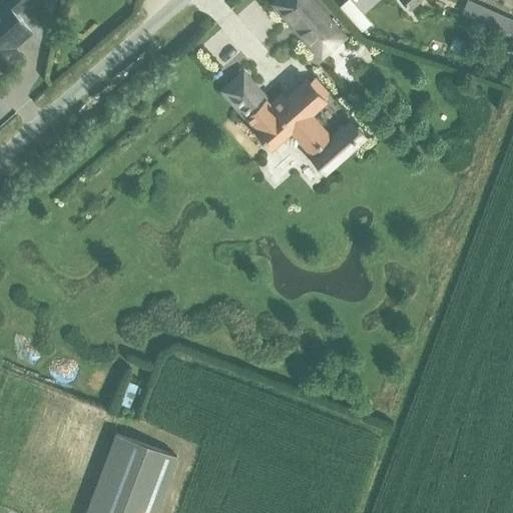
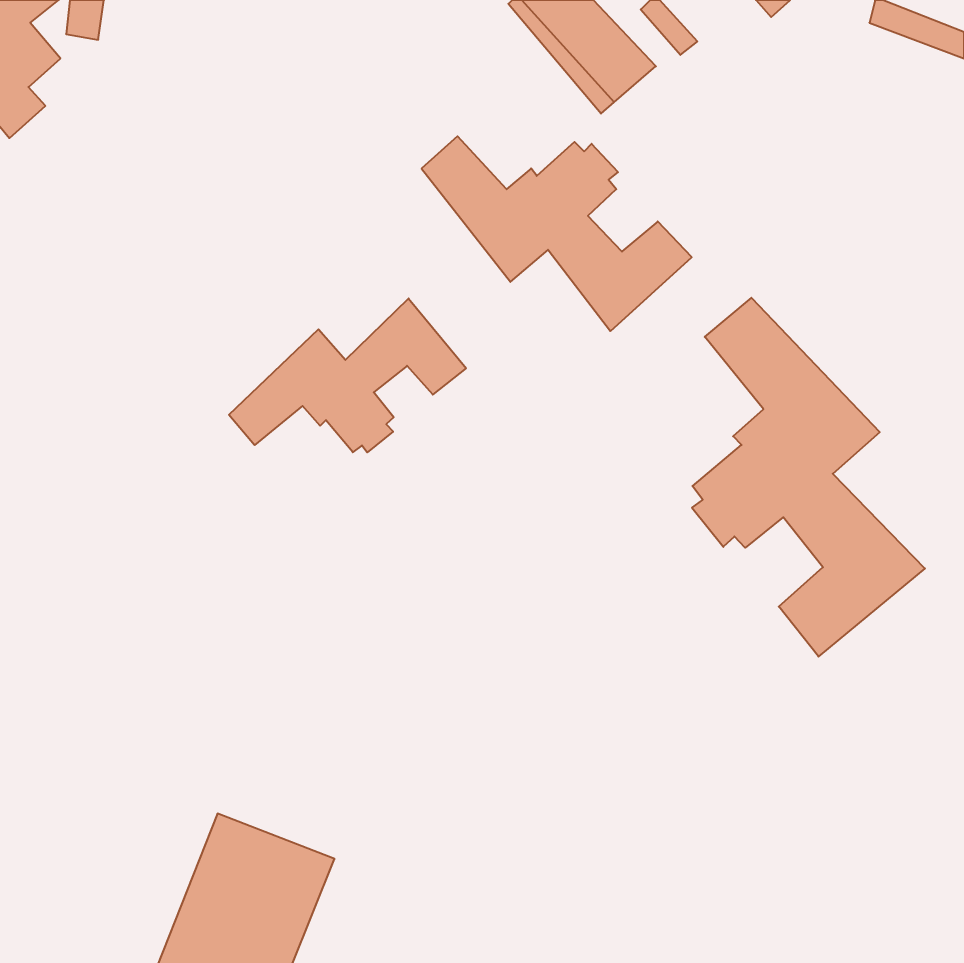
building: none -> [692,298,925,657]
building: none -> [229,298,466,452]

